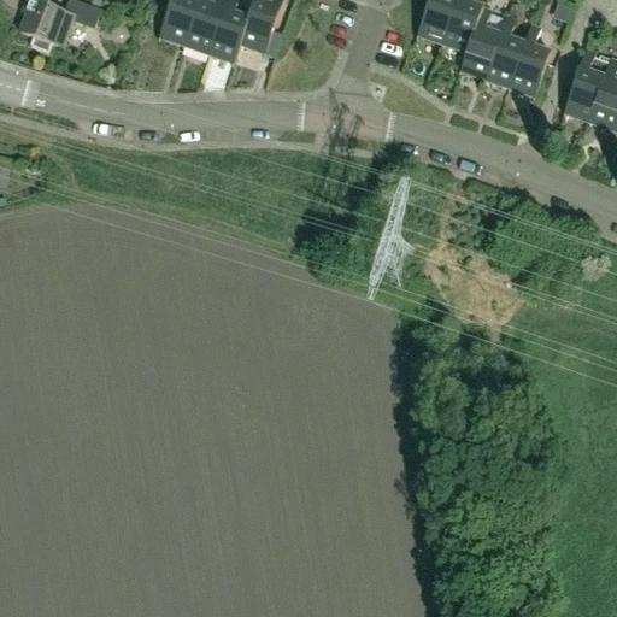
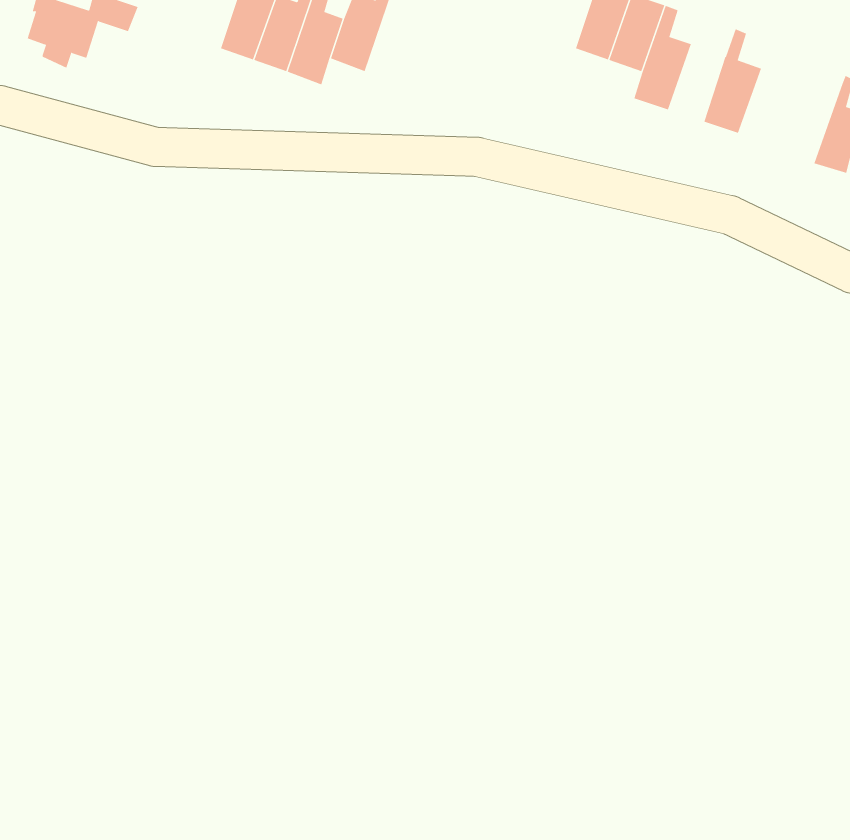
building: [484,12,525,88] -> none
building: [565,46,610,118] -> none

